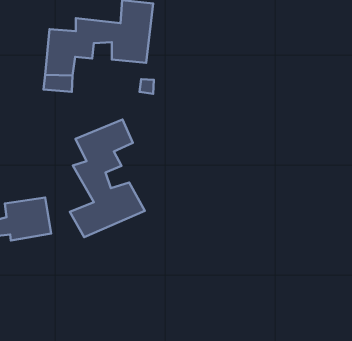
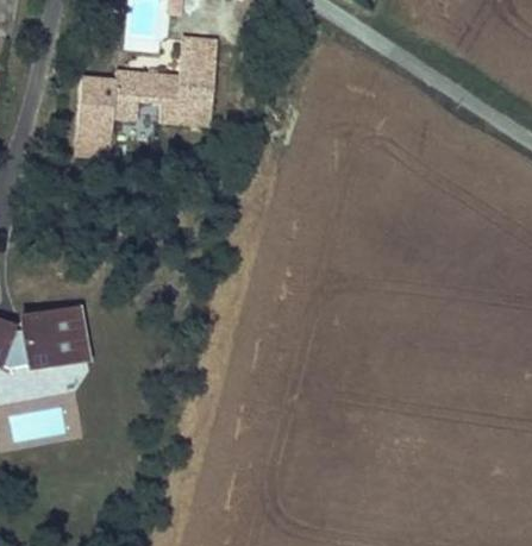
building: [70,119,145,237] -> none

